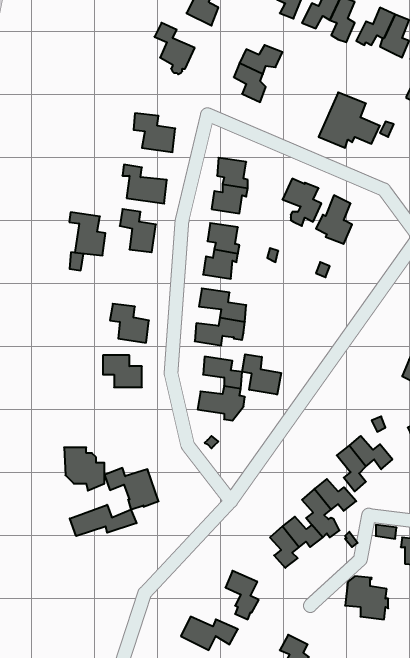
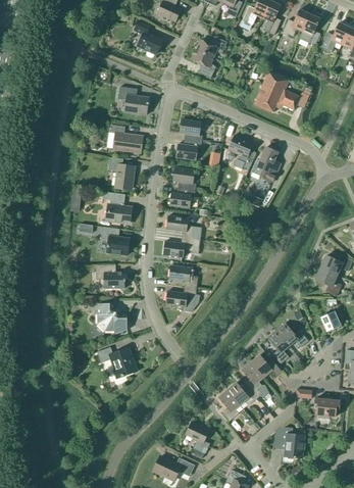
building: [69,212,105,255] -> [103,192,130,224]
building: [242,354,281,395] -> none
building: [64,447,104,491] -> [97,303,127,335]
building: [70,505,137,536] -> none

